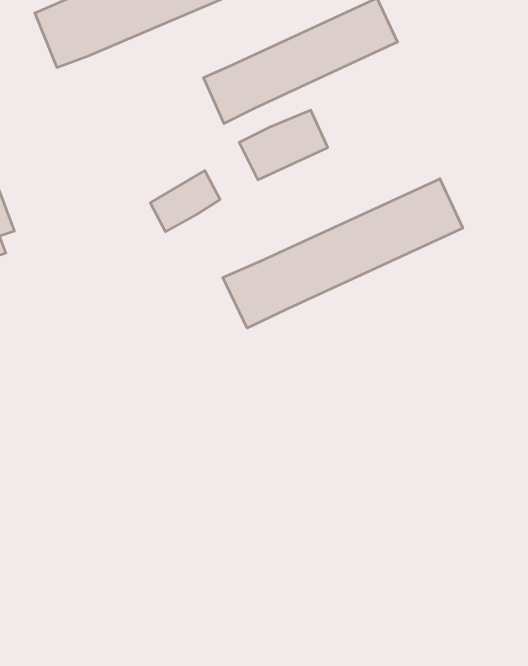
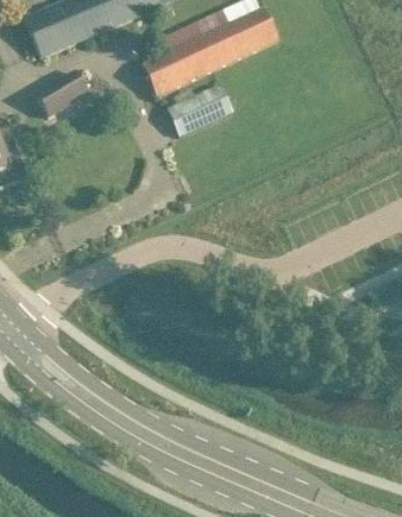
building: [150,171,220,232] -> [38,71,87,114]
building: [223,179,463,328] -> none

